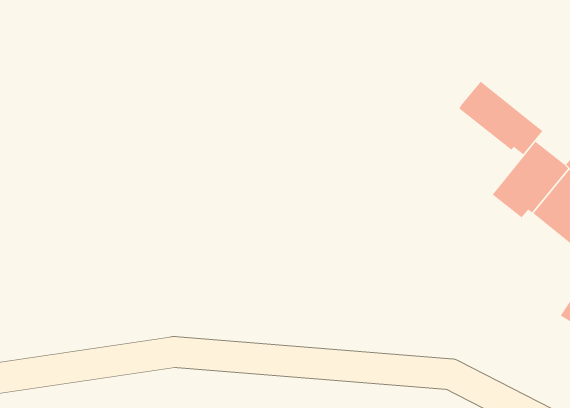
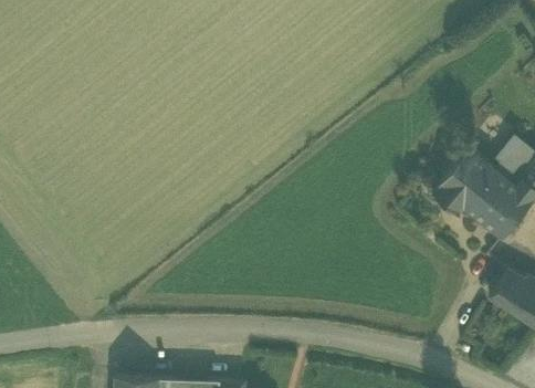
building: [458,81,543,155] -> none

